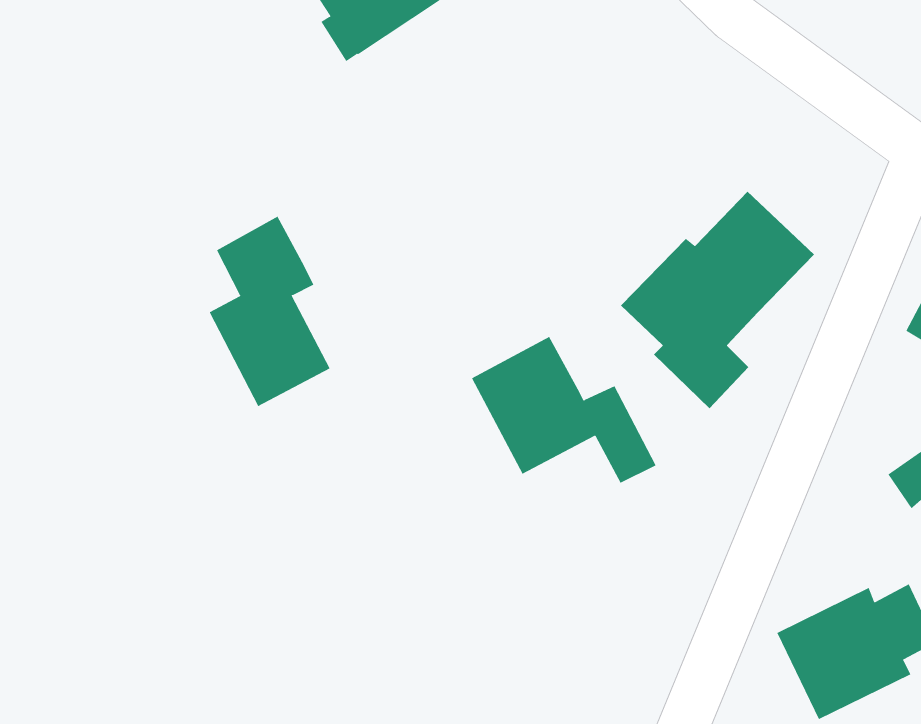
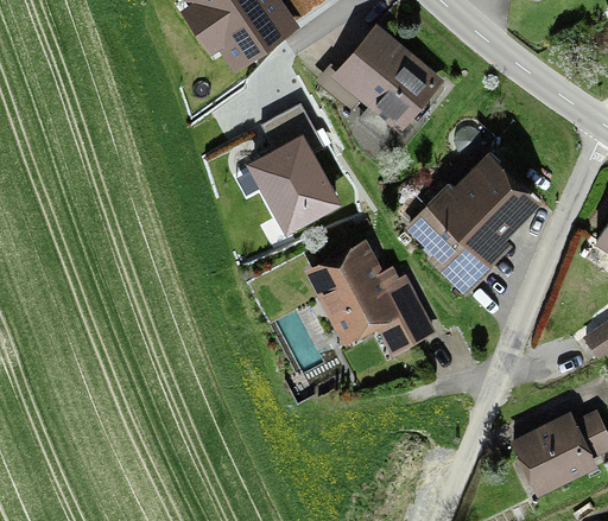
building: none -> [316,32,438,140]
building: [209,216,330,407] -> [256,102,336,227]

